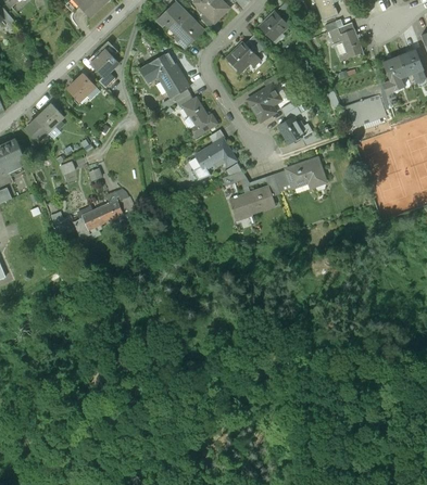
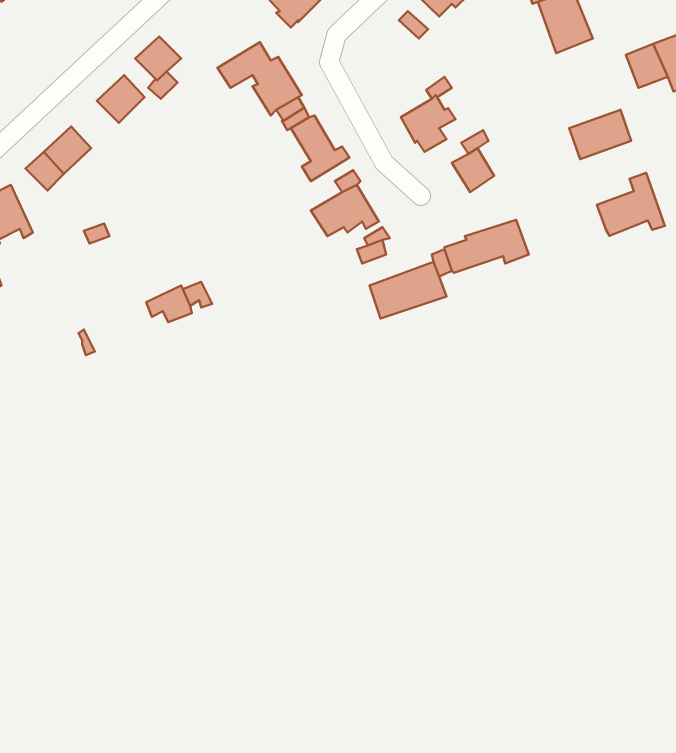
building: [226,42,258,73] -> none
building: none -> [597,173,665,236]
building: [76,208,110,237] -> none

